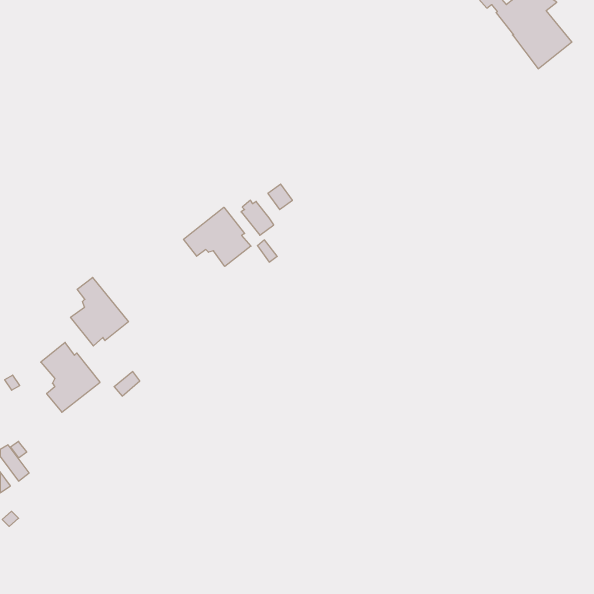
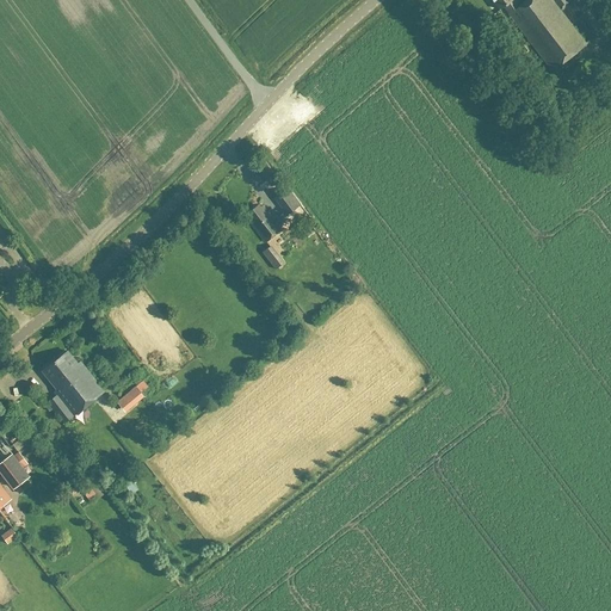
building: [184,207,251,266] -> none
building: [71,277,128,346] -> none

